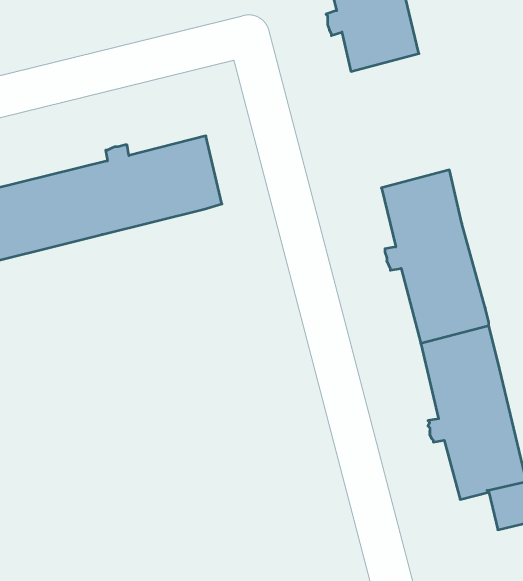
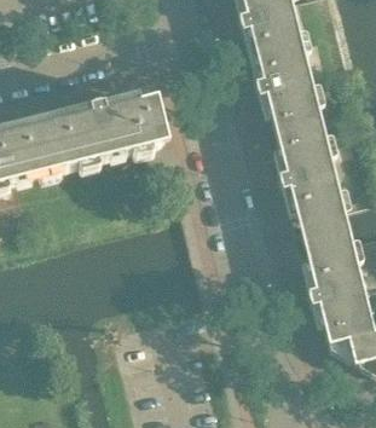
building: none -> [255,37,322,128]

